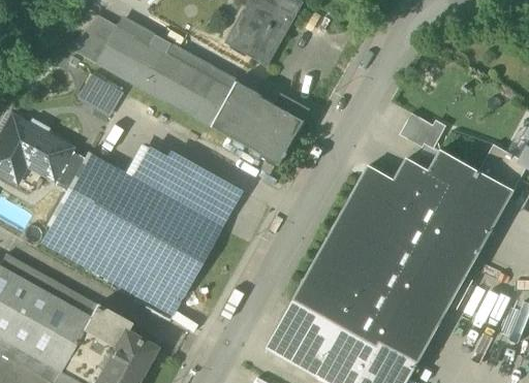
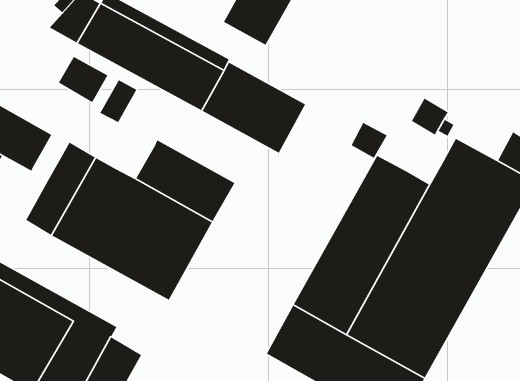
building: [129,147,164,187] -> [99,79,138,123]
building: [53,151,83,186] -> none
building: [396,158,430,192] -> [351,122,388,159]
building: [39,227,178,315] -> none

